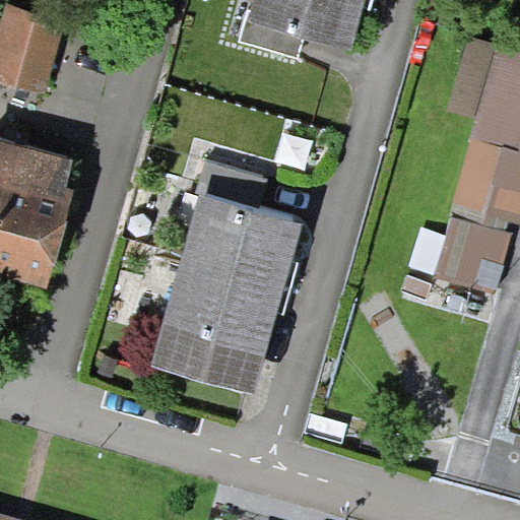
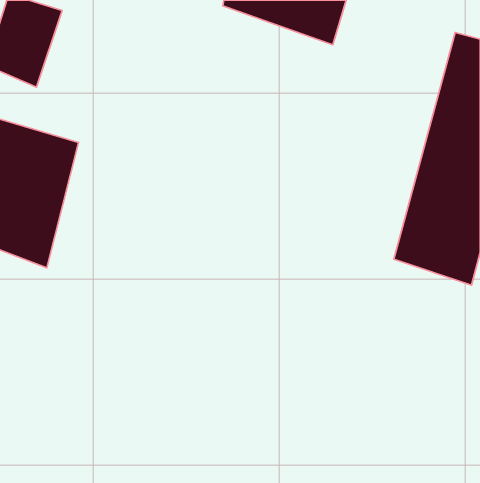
building: [149,183,307,388] -> none

